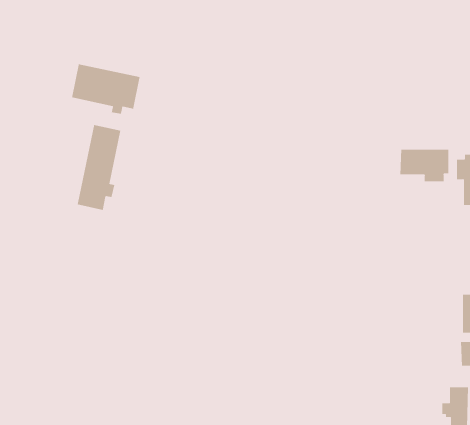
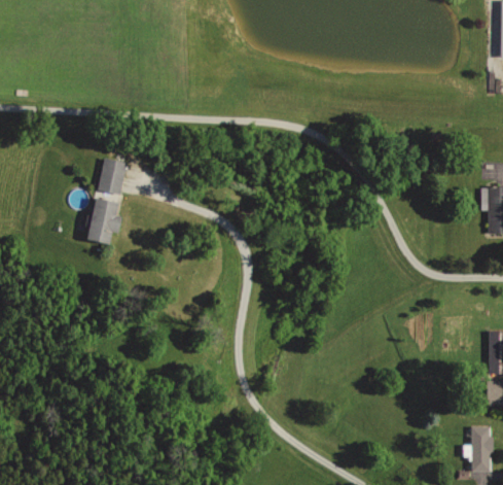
building: [71,64,140,115] -> none
building: [400,149,449,182] -> none

